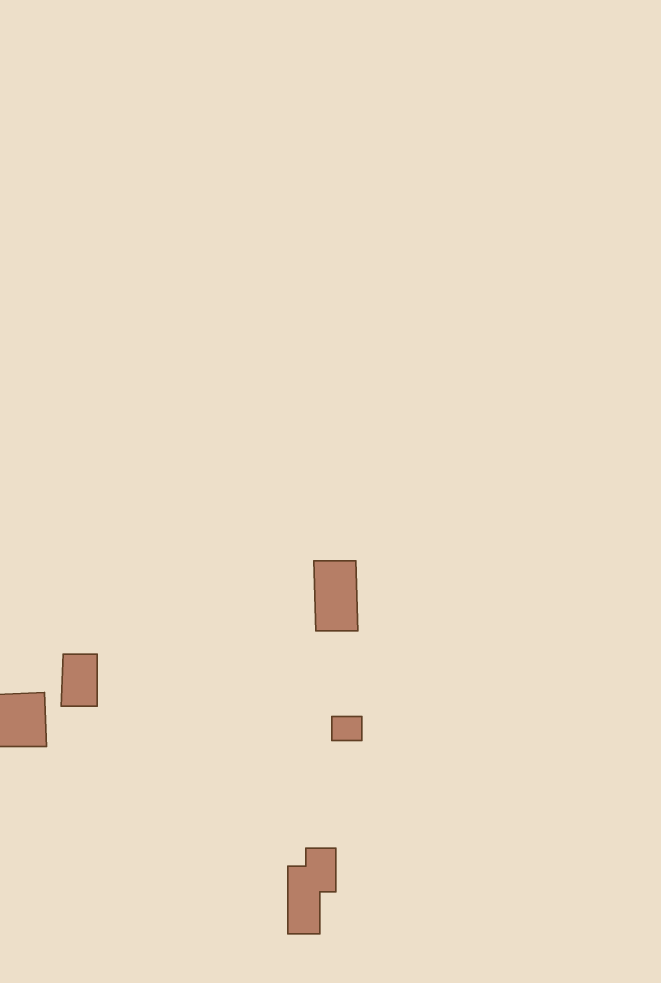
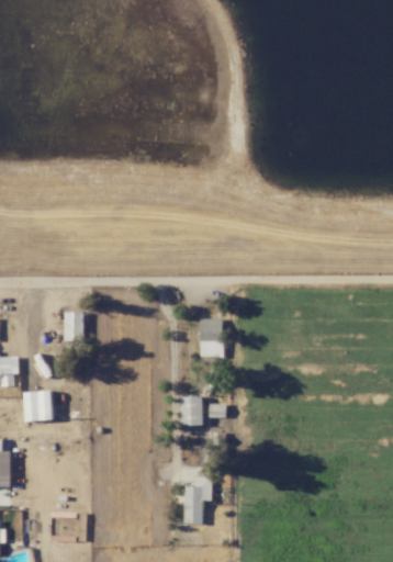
building: [61,654,97,706] -> [64,312,83,340]
building: none -> [180,396,203,426]

